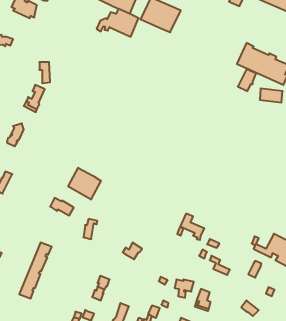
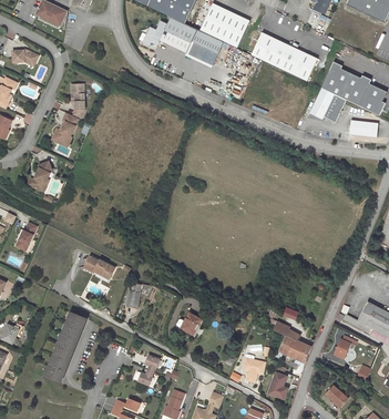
building: none -> [186,29,223,64]
building: none -> [250,31,316,79]
building: [68,168,101,200] -> none
building: [177,214,204,240] -> [274,335,308,368]

